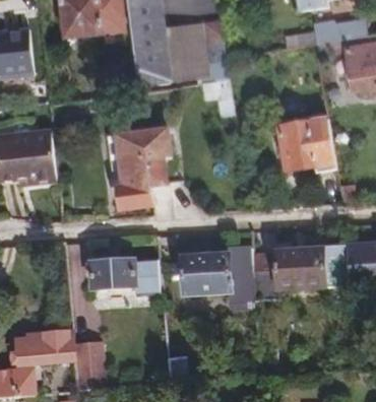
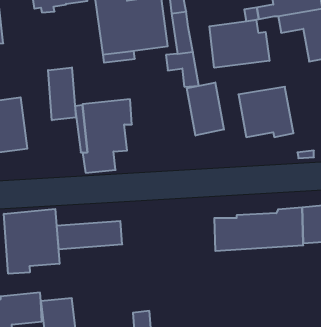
building: none -> [209,20,269,68]
building: none -> [48,67,76,120]
building: none -> [187,82,224,136]
building: none -> [4,209,59,274]
building: [183,246,254,302] -> none

